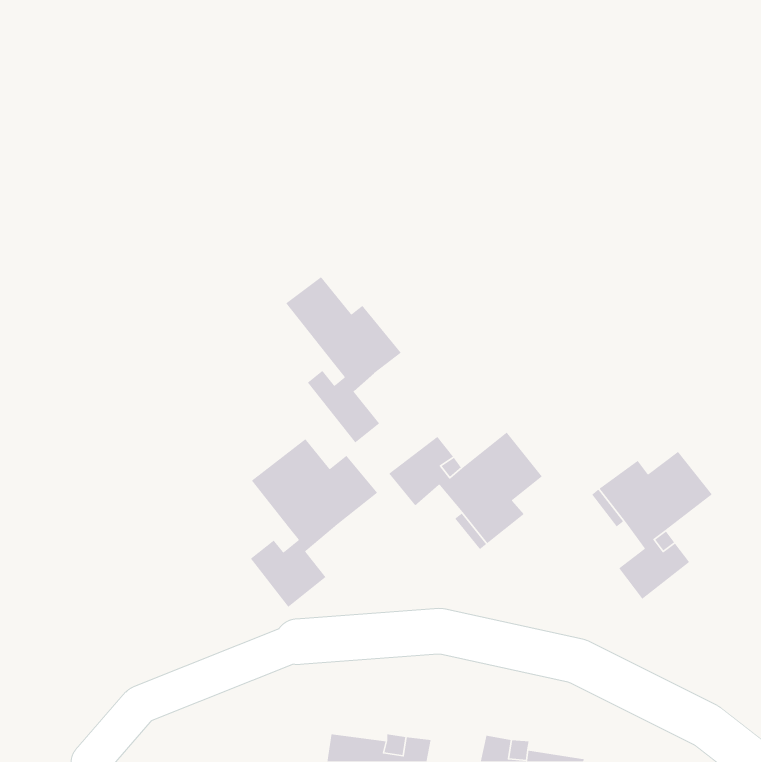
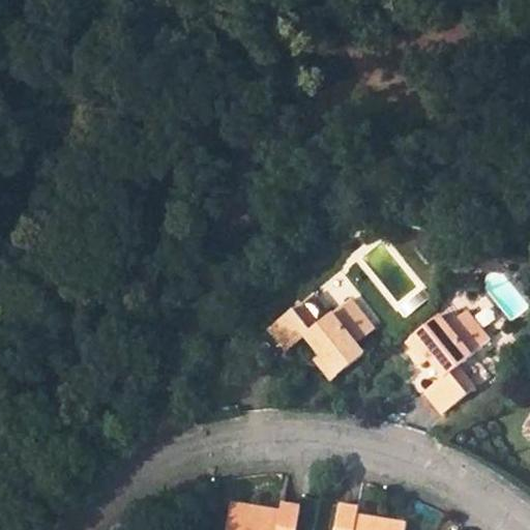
building: [285,276,402,444] -> none
building: [250,438,378,608] -> none

